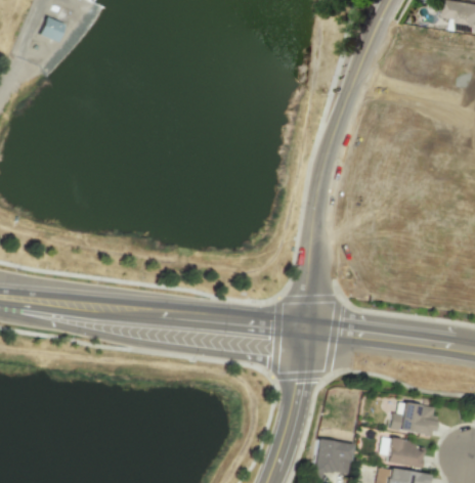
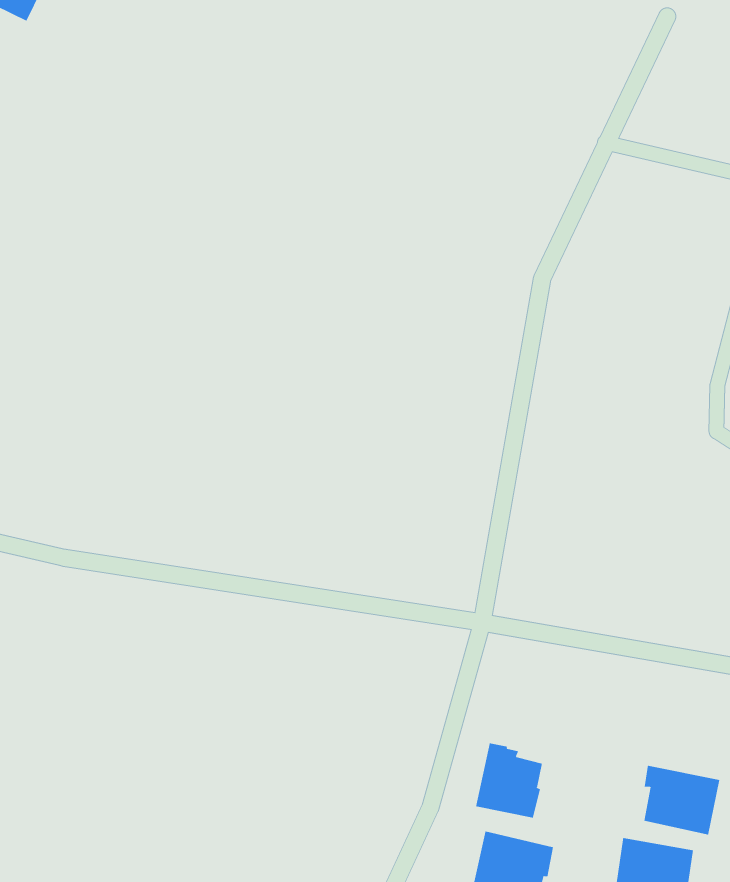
building: none -> [475,743,543,818]

